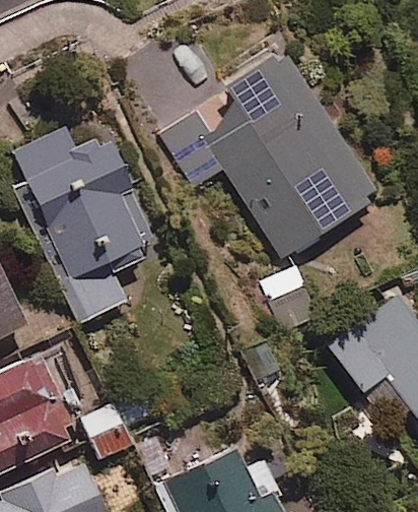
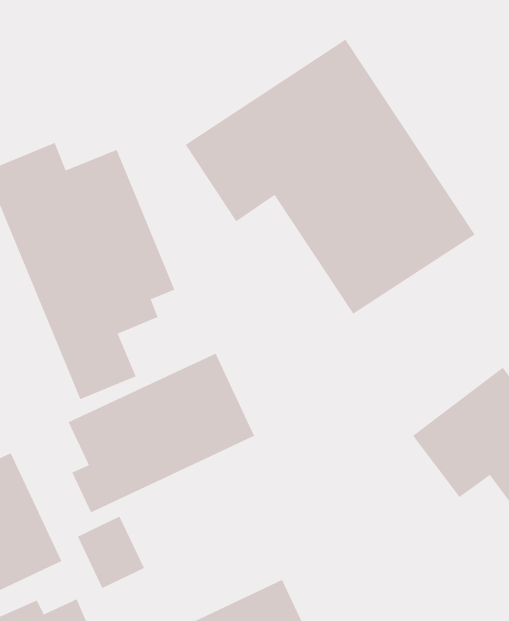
building: none -> [68,353,255,513]

